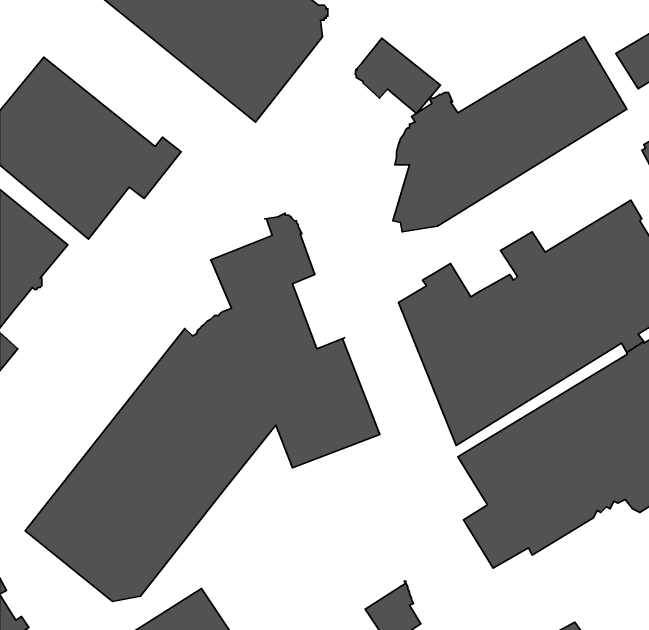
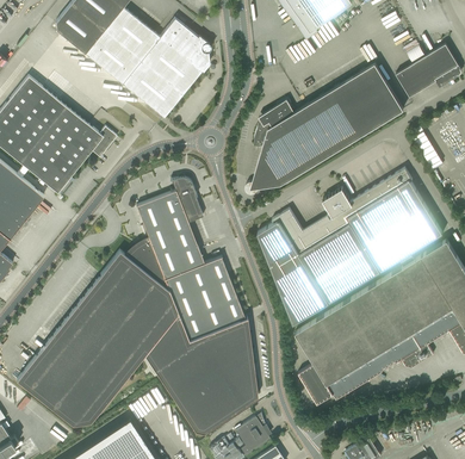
building: [355,38,440,113] -> none
building: none -> [144,312,258,433]

